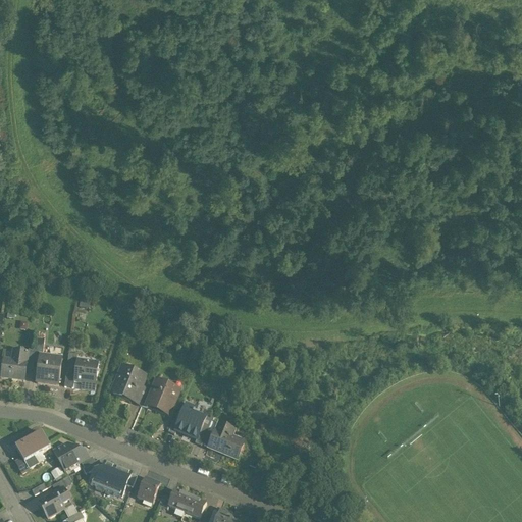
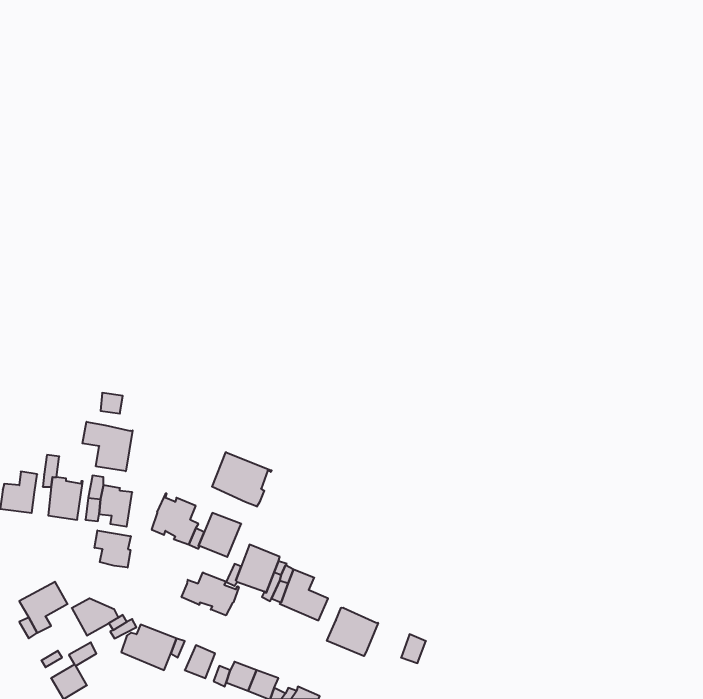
building: none -> [82,422,133,471]
building: none -> [212,452,272,507]
building: none -> [95,530,131,568]
building: none -> [182,572,239,615]
building: none -> [327,608,378,656]

